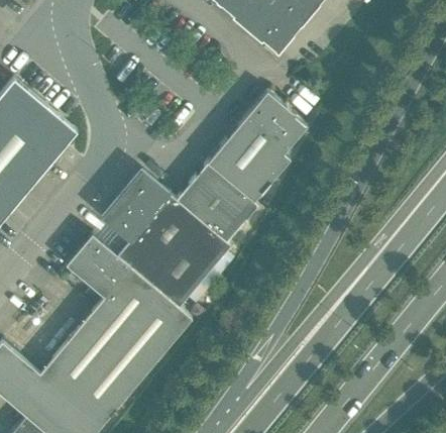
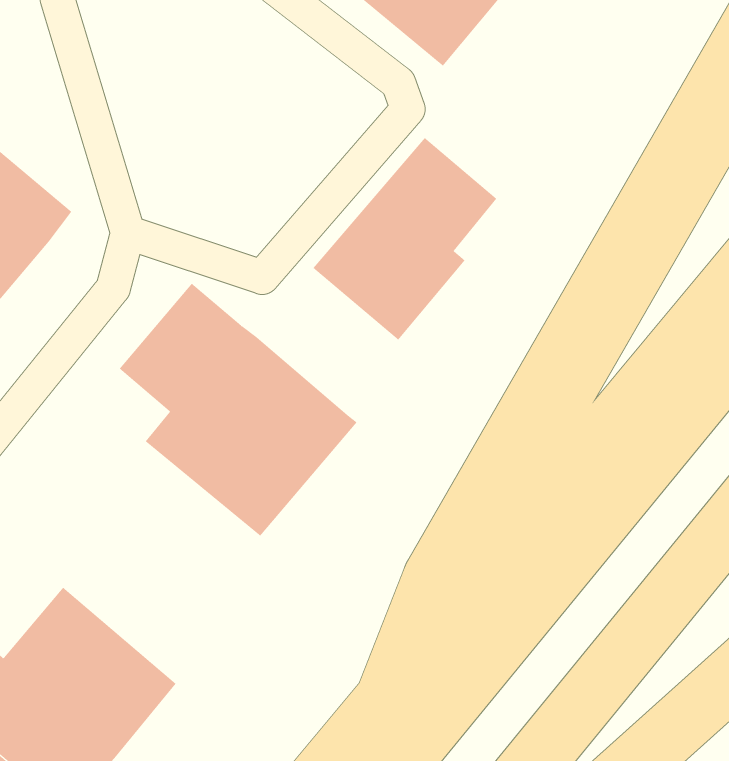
building: [177,163,257,242] -> none
building: [66,235,192,388] -> none

